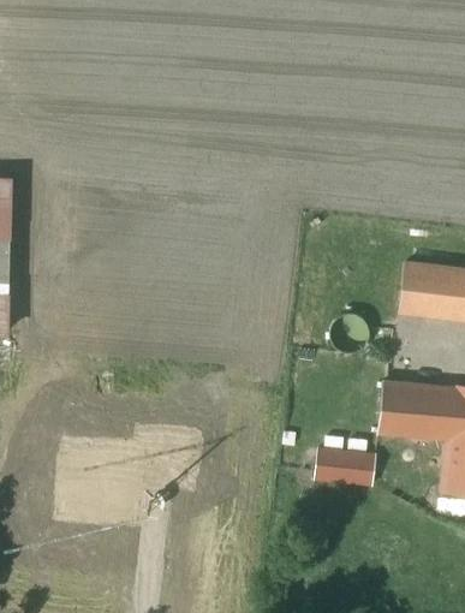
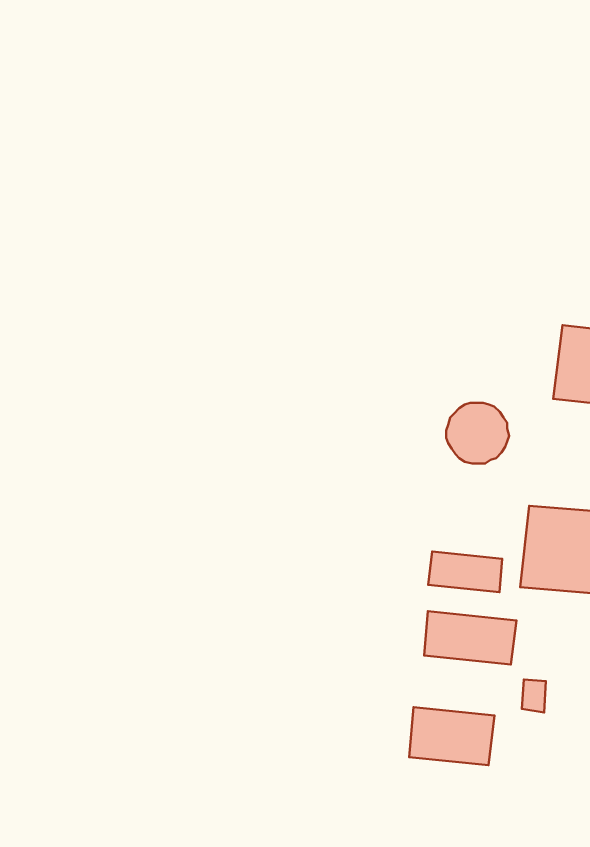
building: none -> [428,552,502,592]
building: none -> [409,707,495,765]

